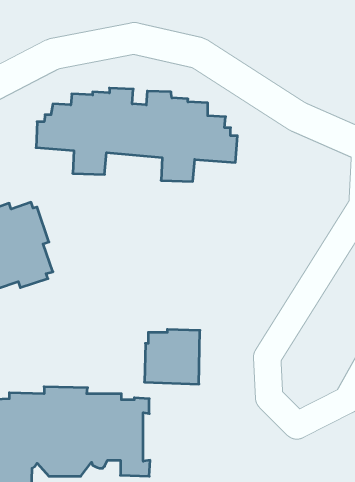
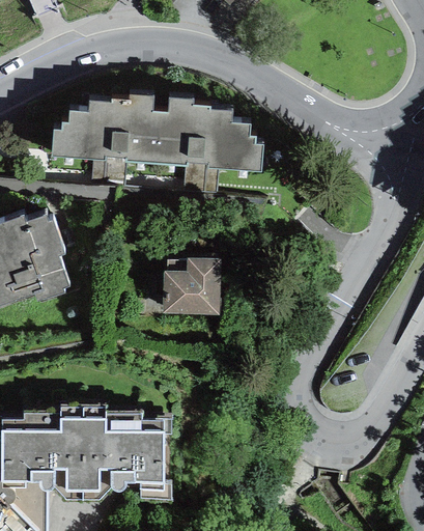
building: [144,329,200,384] -> [163,257,221,314]

